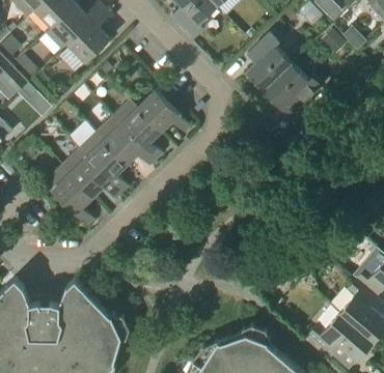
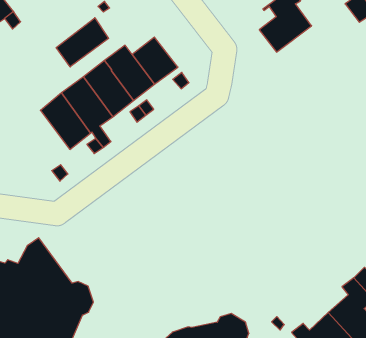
building: [265,62,323,116] -> none
building: none -> [56,18,109,67]
building: [46,166,93,213] -> none

